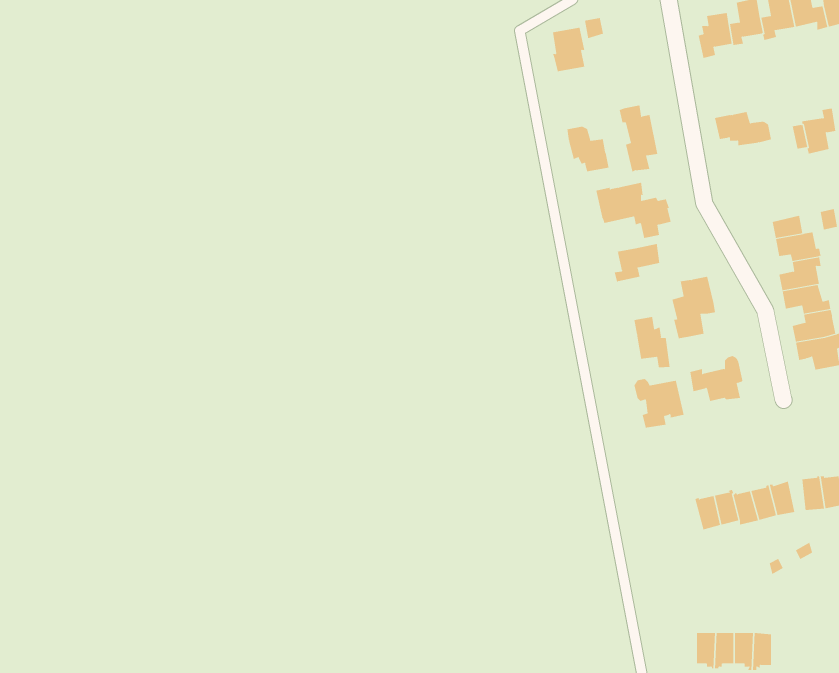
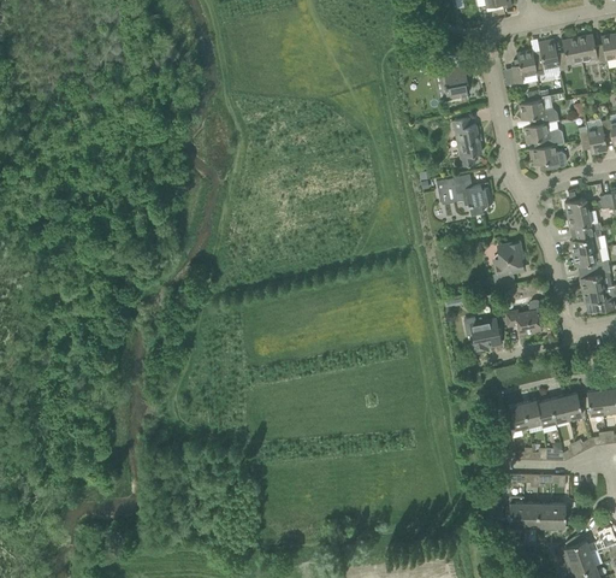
building: [552,27,585,72] -> [444,65,468,98]
building: none -> [520,99,559,124]
building: [567,126,609,172] -> none
building: none -> [529,144,568,169]
building: [614,243,660,282] -> none
building: [634,316,670,368] -> none

